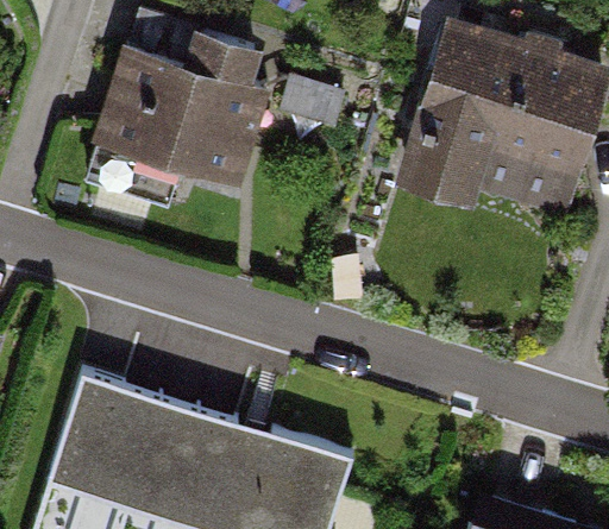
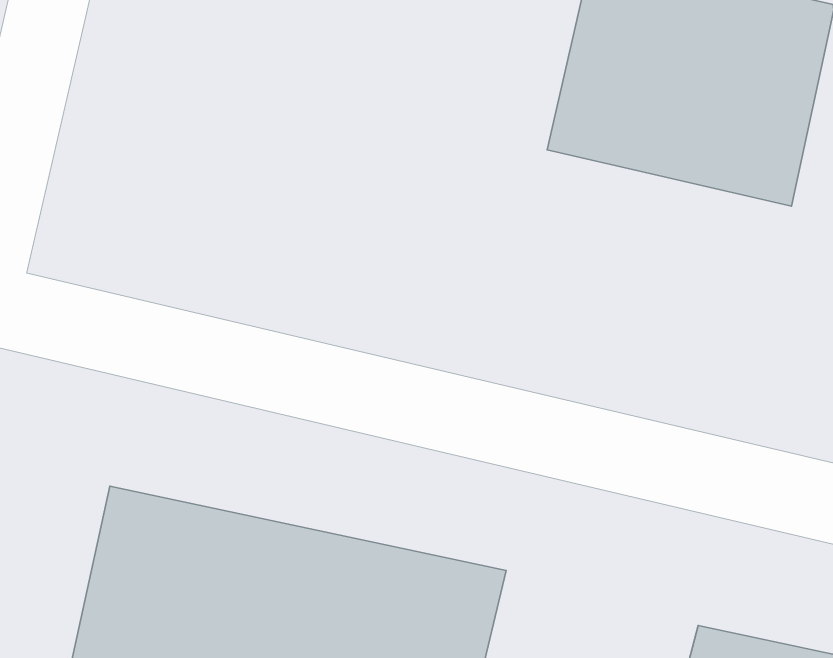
building: [86,52,263,216] -> none

